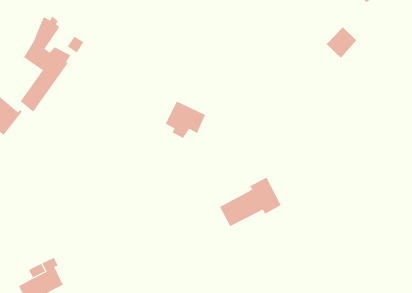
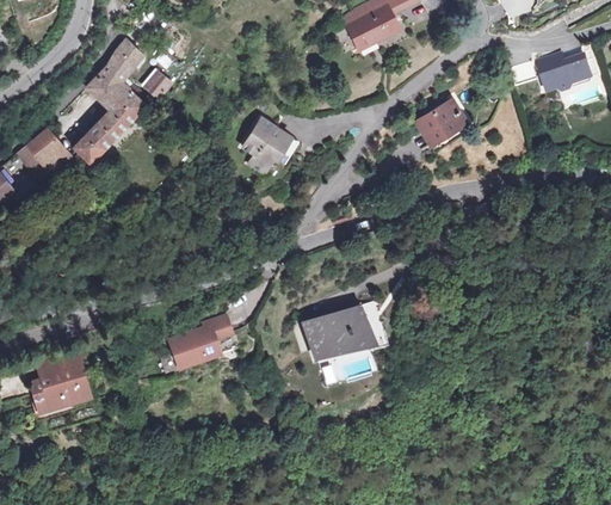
building: [326,27,357,59] -> [416,103,458,144]
building: [165,101,206,139] -> [242,122,298,173]
building: none -> [168,313,234,363]

